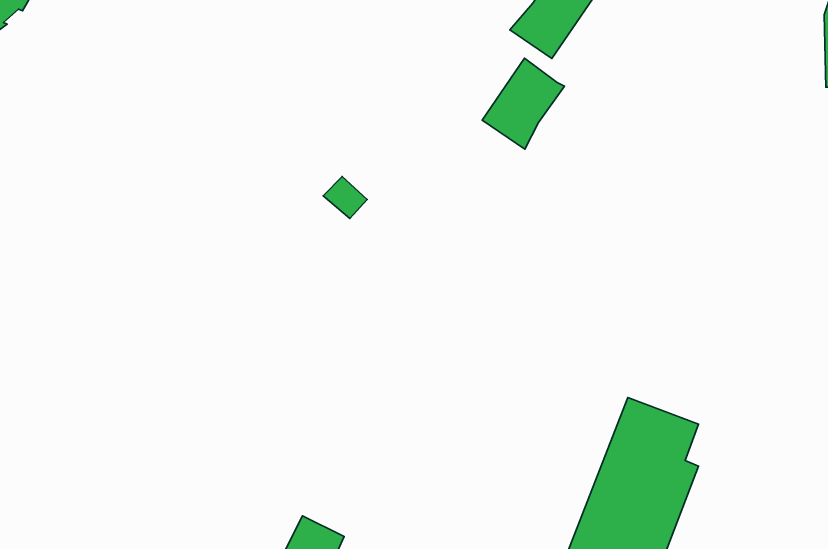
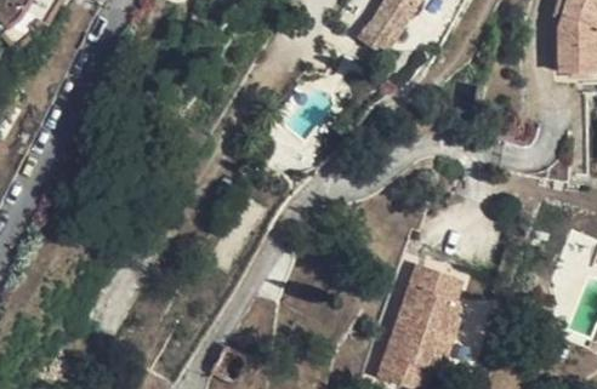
building: [482,58,565,149] -> none

